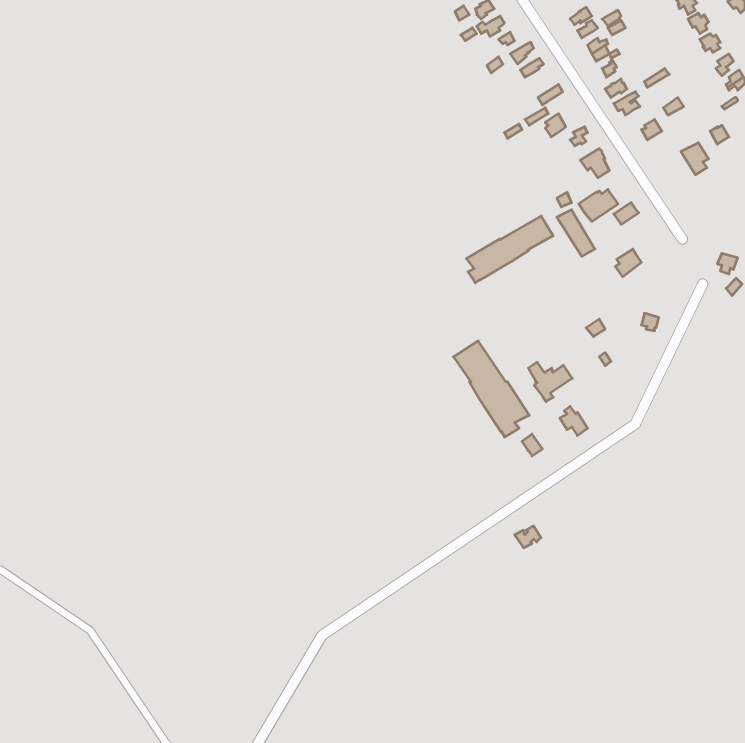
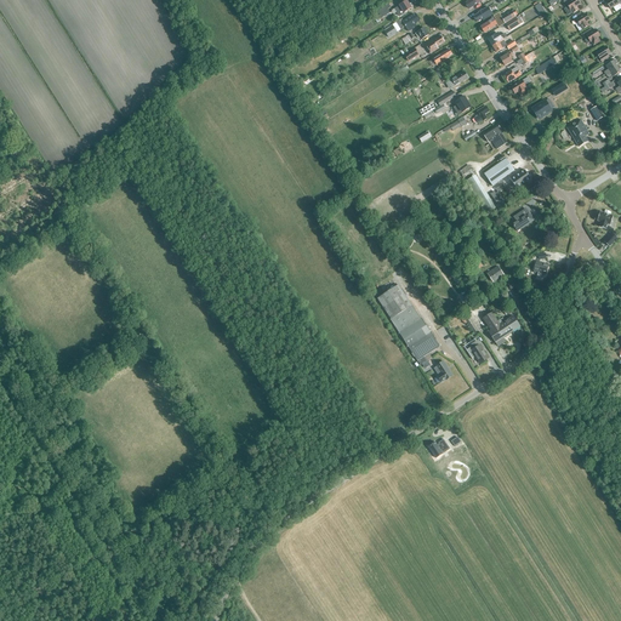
building: [466,216,553,283] -> none
building: [528,362,572,402] -> [484,312,520,344]

